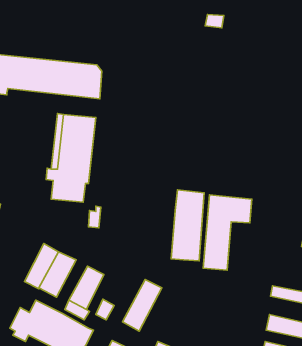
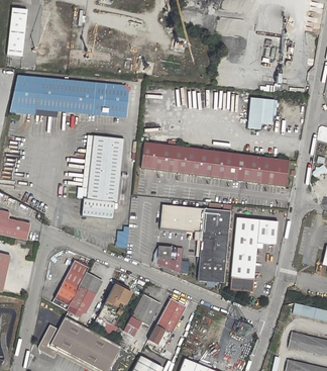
building: none -> [247,99,275,129]
building: none -> [140,142,288,188]
building: none -> [162,205,203,229]
building: none -> [156,246,183,274]
building: none -> [130,294,159,326]

